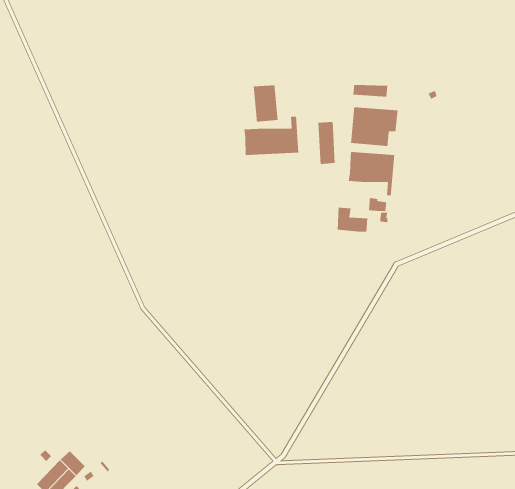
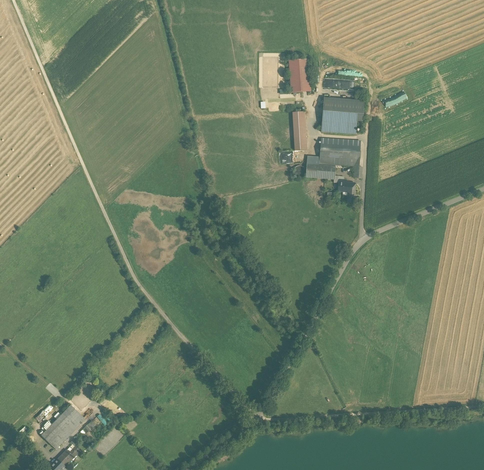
building: [253,85,279,123] -> [288,58,311,92]
building: [243,116,299,156] -> none
building: [337,207,368,232] -> [307,155,335,178]

